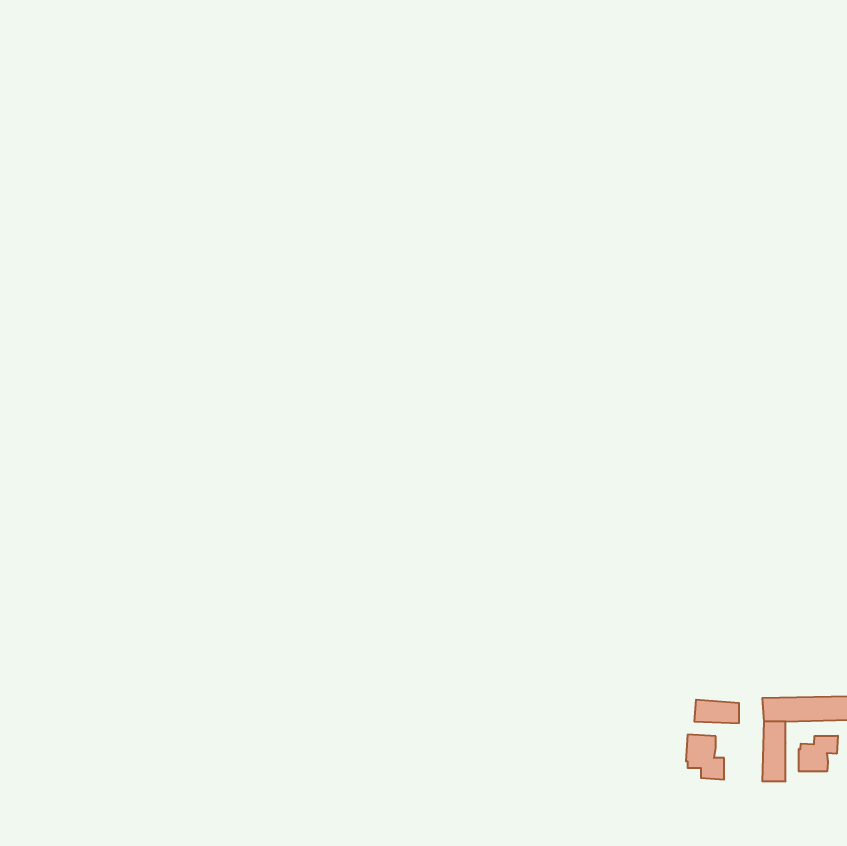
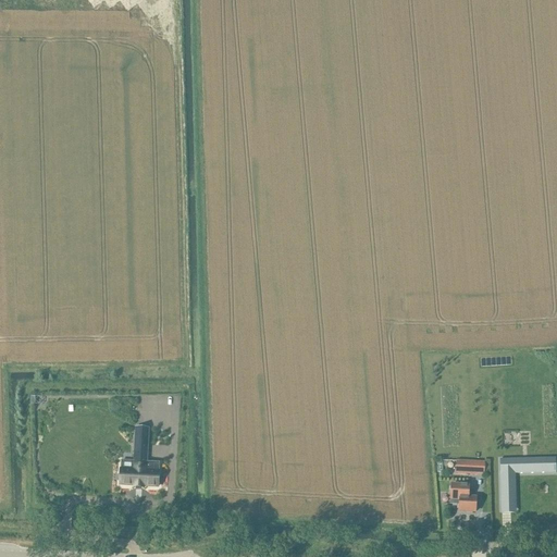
building: none -> [121,425,160,487]
building: [799,736,838,771] -> none

